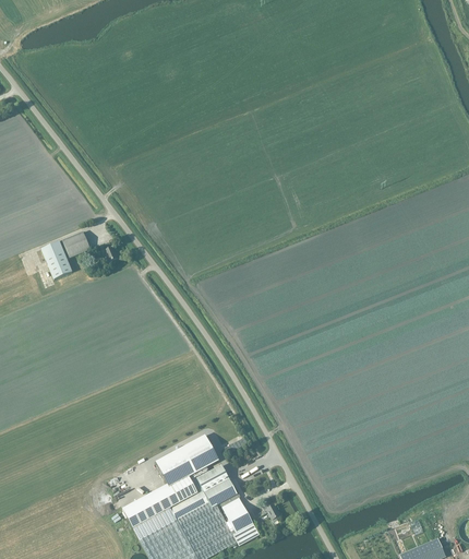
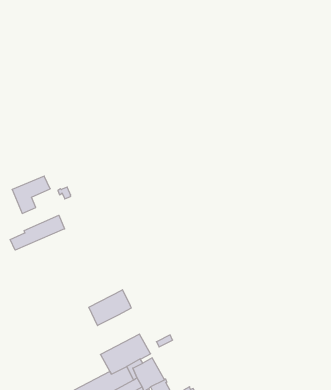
building: none -> [10,215,65,250]
building: none -> [89,290,131,326]

